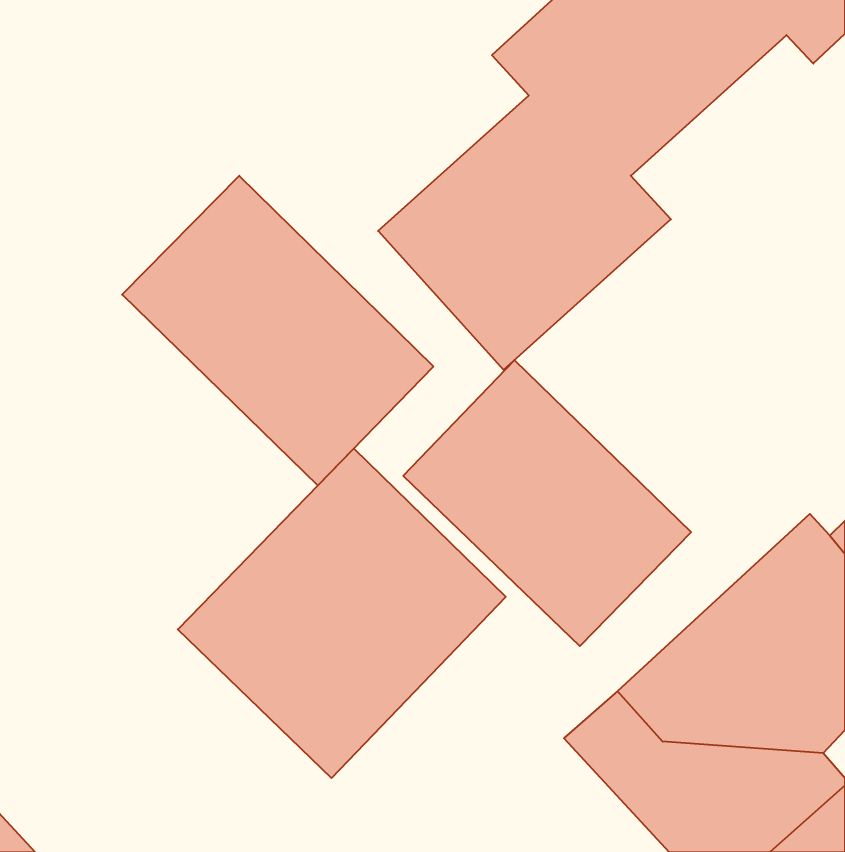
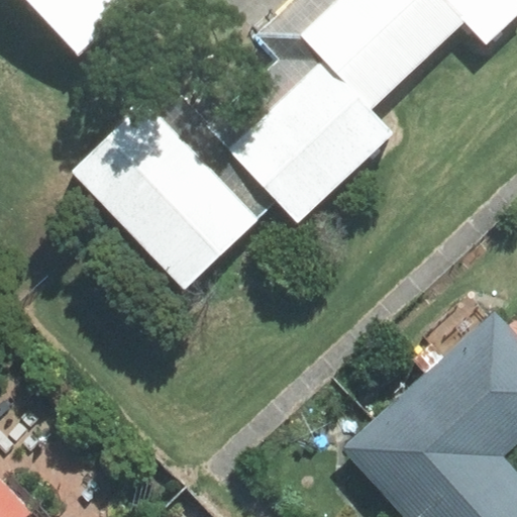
building: [403,360,691,646] -> none
building: [178,449,506,778] -> none

